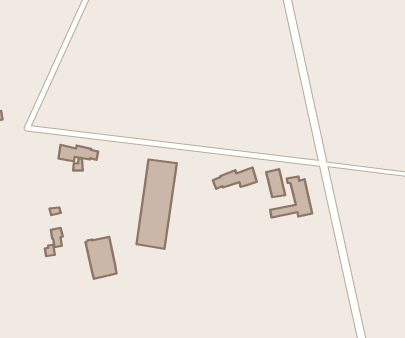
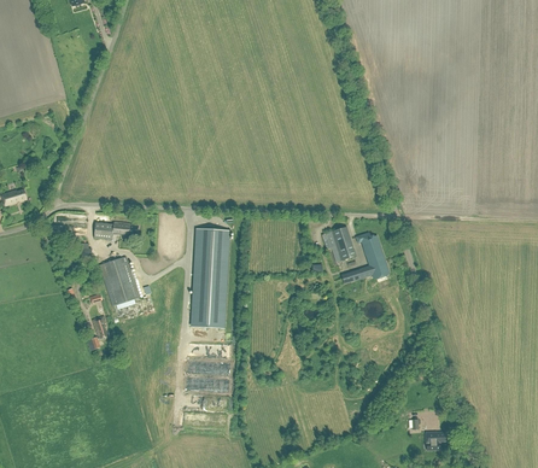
building: [213,167,257,189] -> none
building: [85,237,116,279] -> [99,256,138,305]

